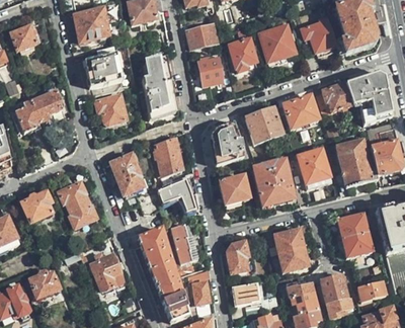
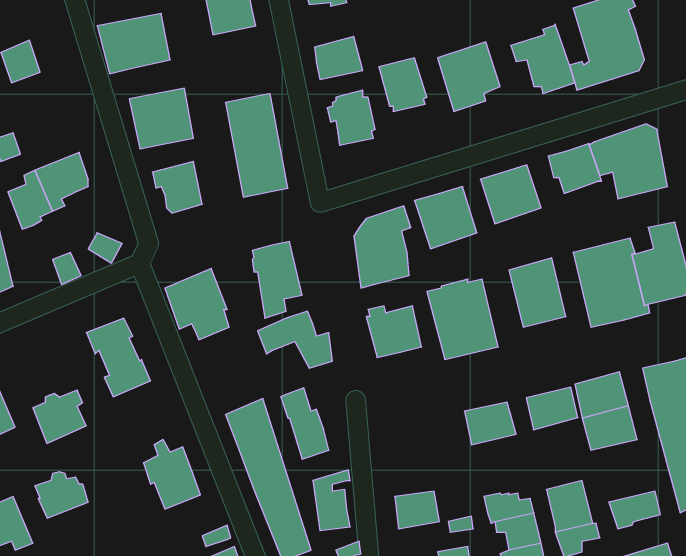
building: [22,191,53,222] -> [33,390,86,444]
building: [229,236,252,269] -> none
building: [278,248,308,272] -> [526,387,578,430]

